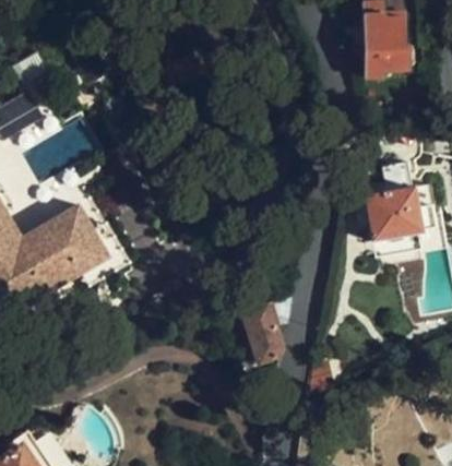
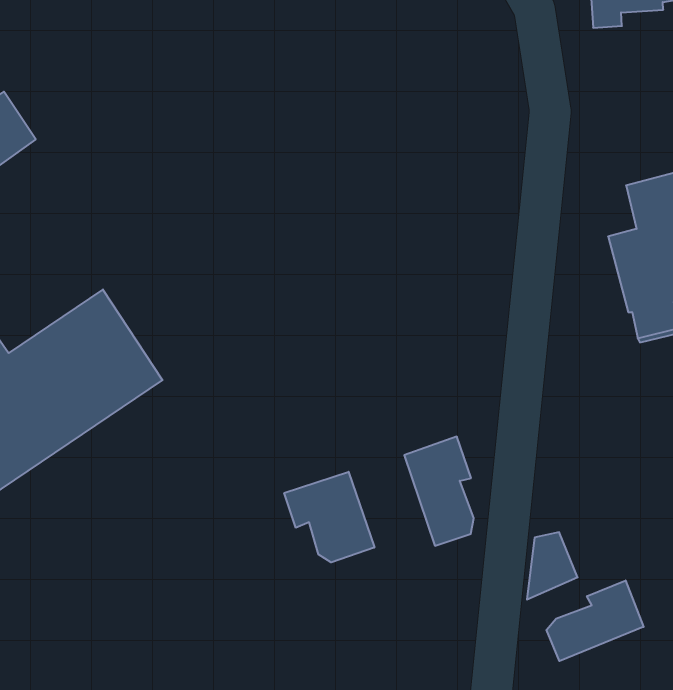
building: none -> [284,472,374,562]
building: none -> [546,580,644,661]

